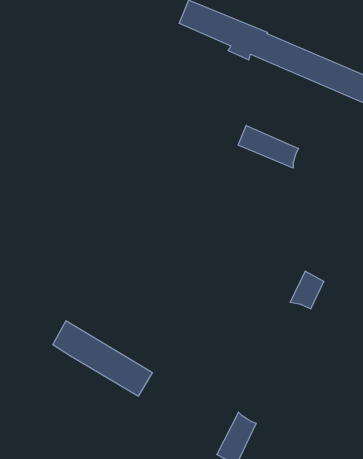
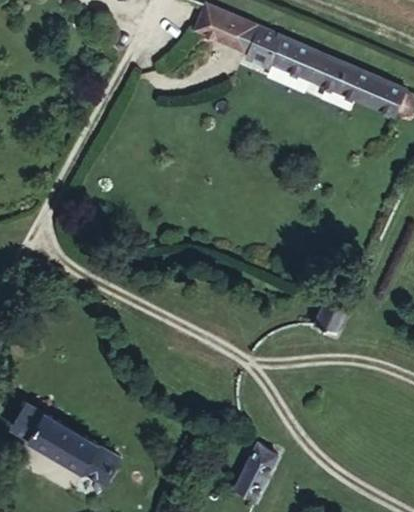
building: [238,125,299,168] -> none
building: [53,321,152,396] -> [12,404,118,484]

